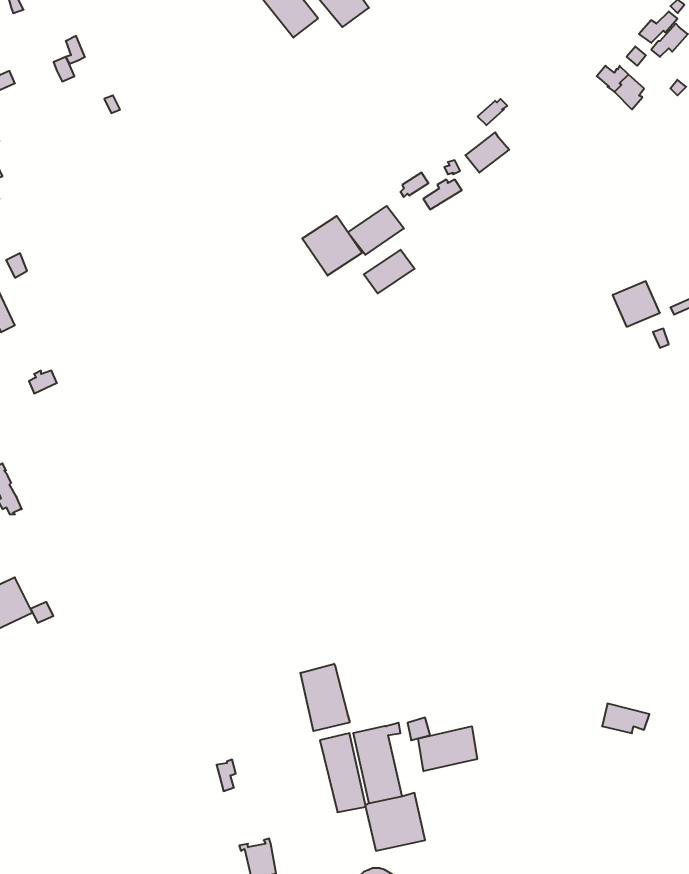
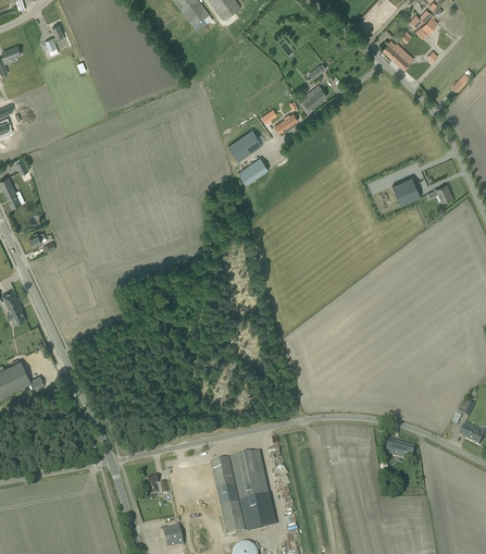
building: [302,216,362,276] -> none
building: [300,664,350,731] -> none
building: [418,726,477,771] -> none
building: none -> [221,504,245,535]

